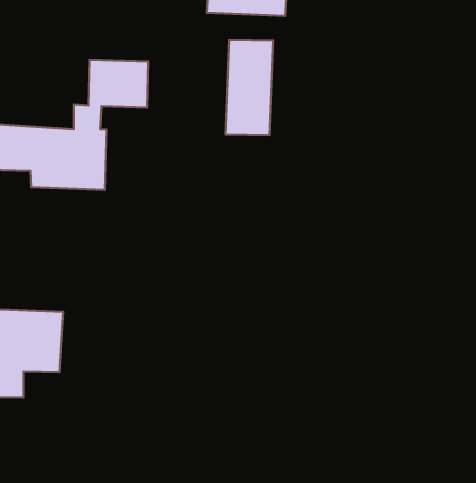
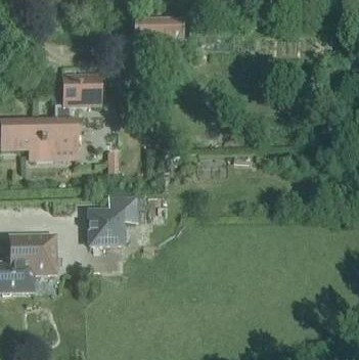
building: [225,40,273,135] -> none
building: none -> [90,196,137,243]

